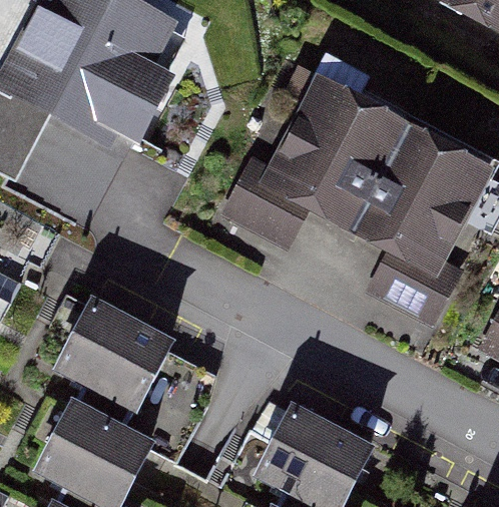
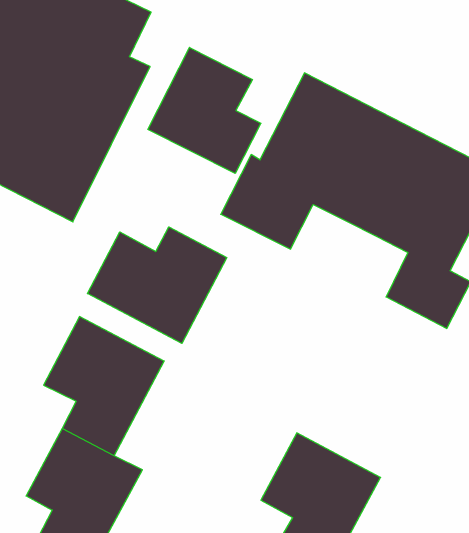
building: none -> [148,47,261,173]
building: none -> [87,227,227,343]

